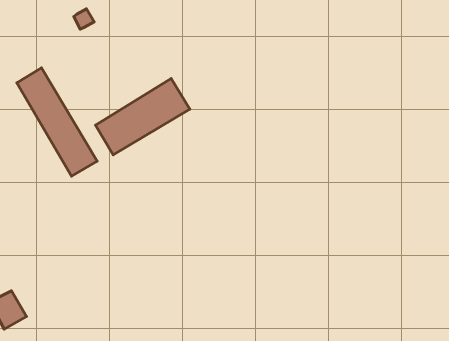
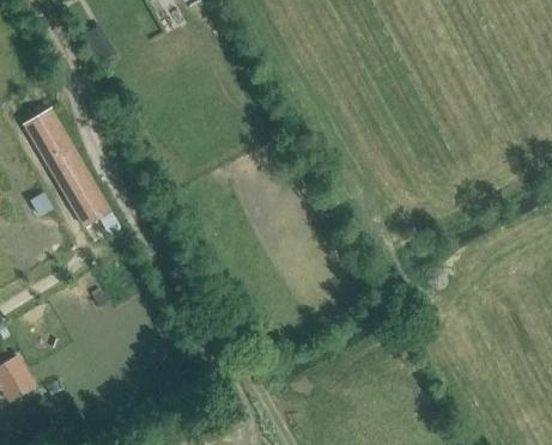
building: [96,79,190,155] -> none

